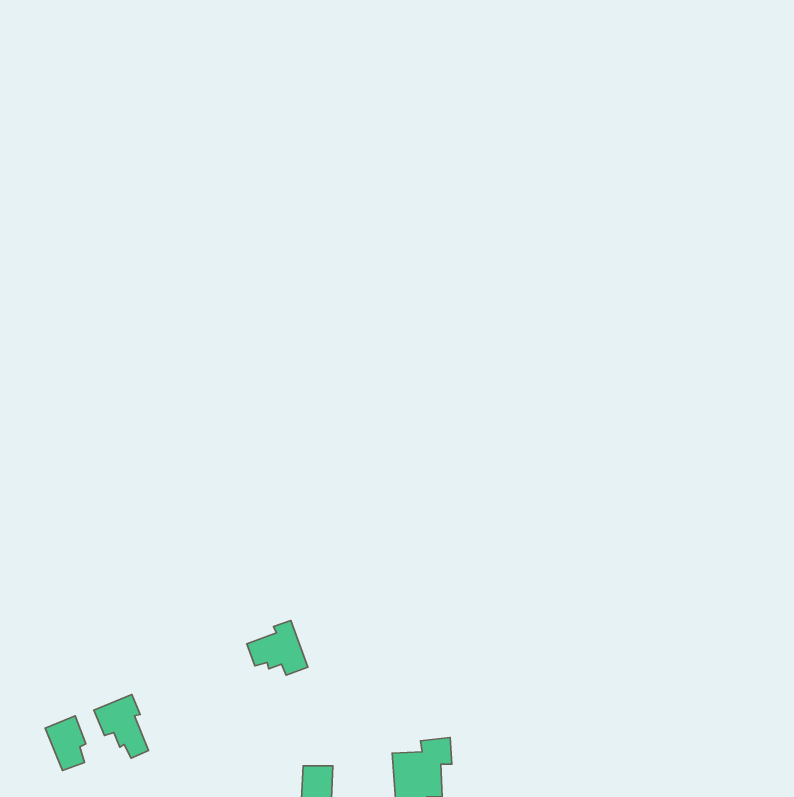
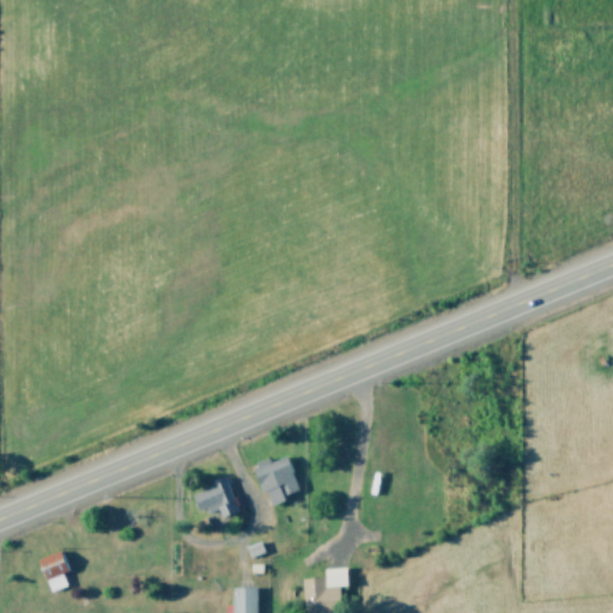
building: none -> [254,455,299,506]
building: [94,695,149,758] -> none

